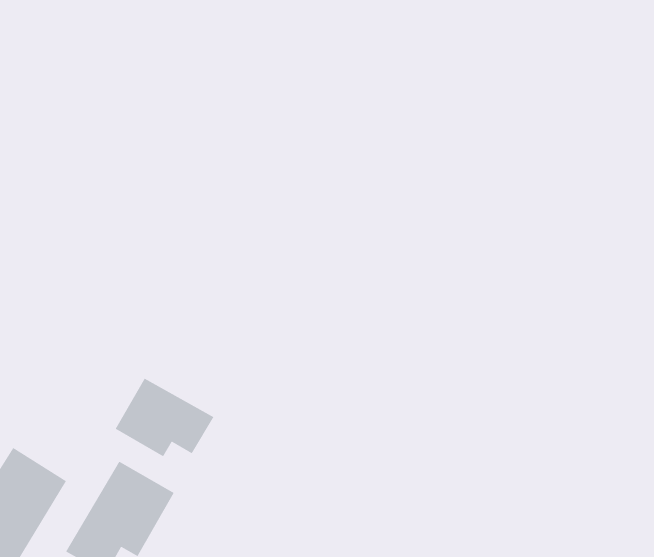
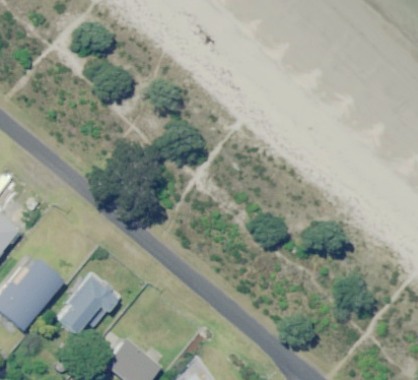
building: [115,378,214,457] -> none

